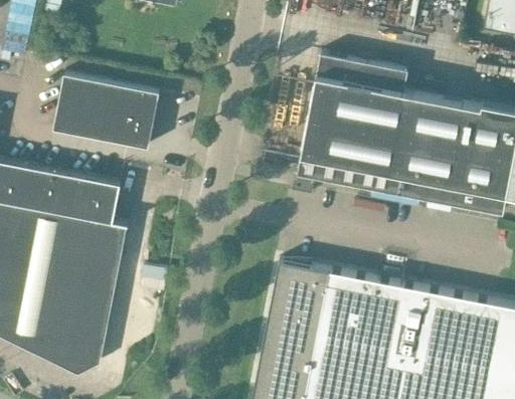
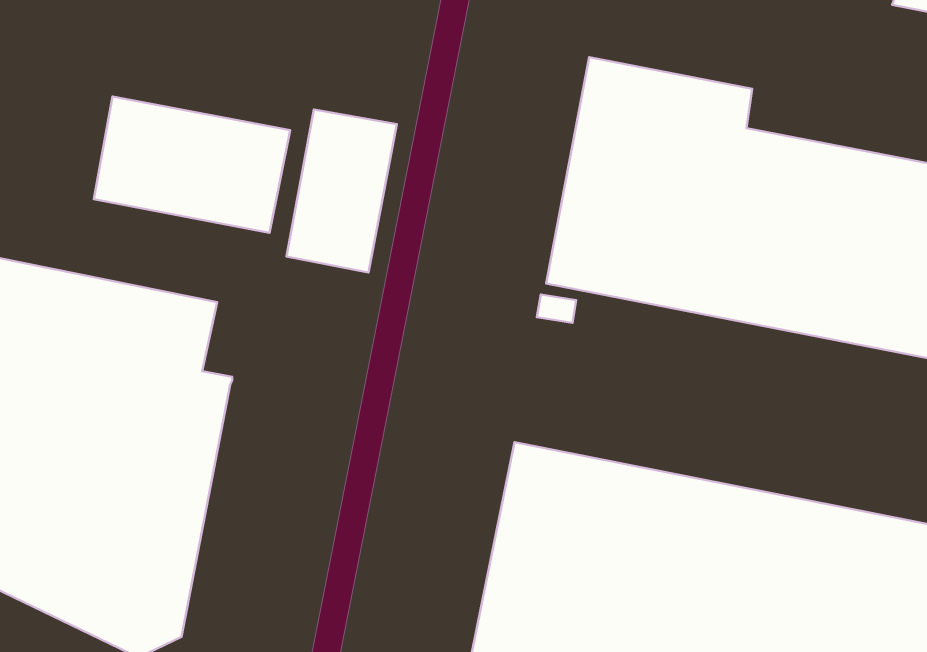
building: none -> [286,109,397,273]

